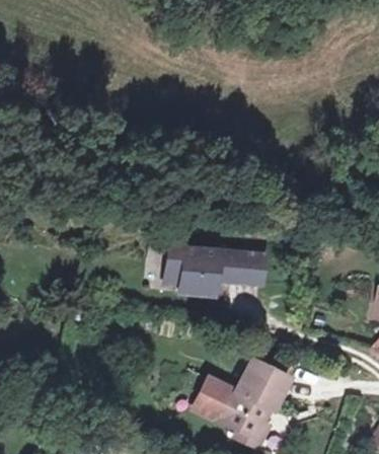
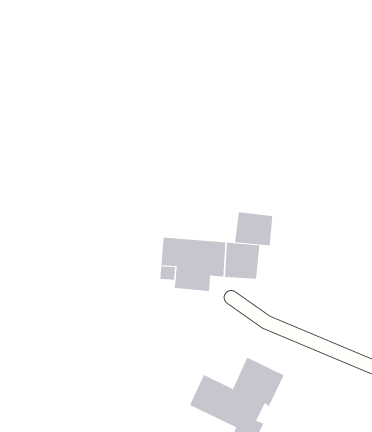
building: none -> [234,211,273,246]

